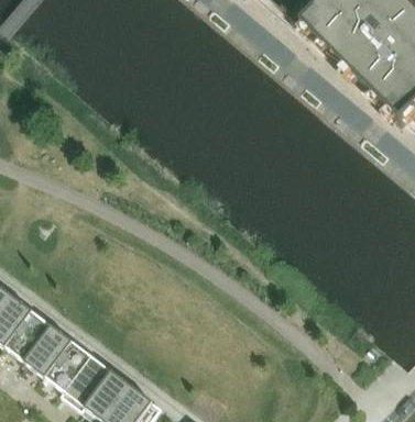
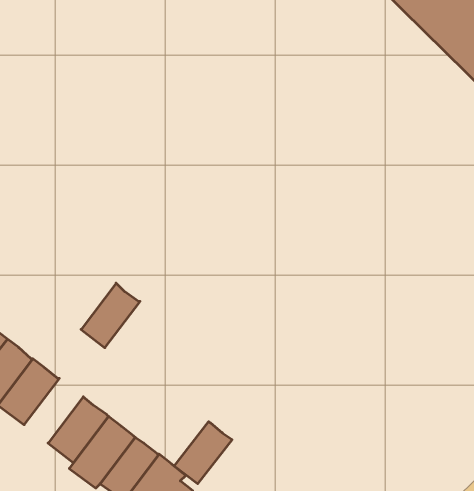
building: [25,323,72,374] -> [81,283,140,348]
building: none -> [174,422,232,484]

